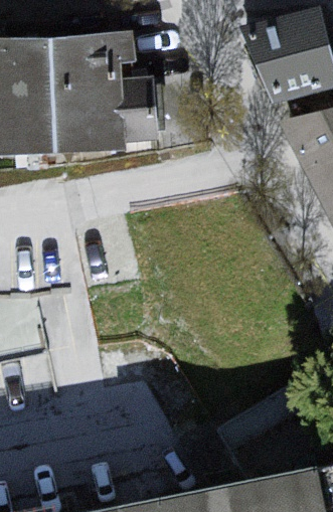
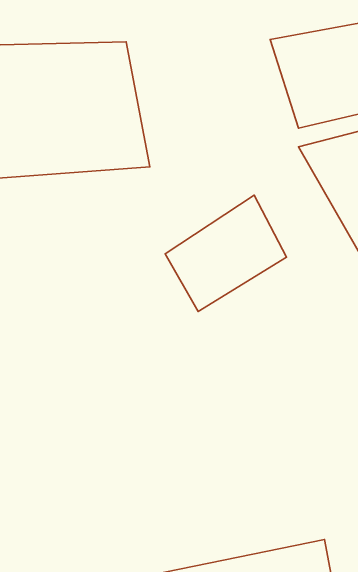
building: none -> [165,195,287,311]

